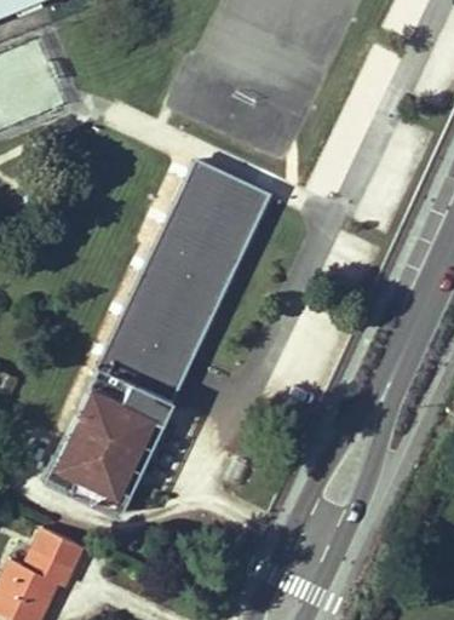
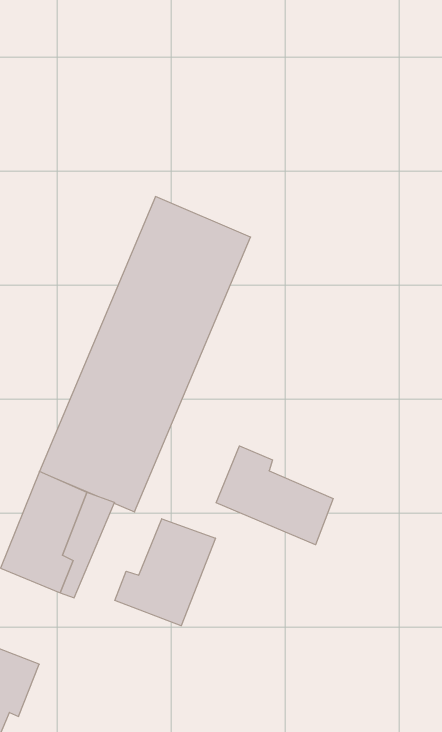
building: none -> [216,446,333,545]
building: none -> [115,519,215,626]

